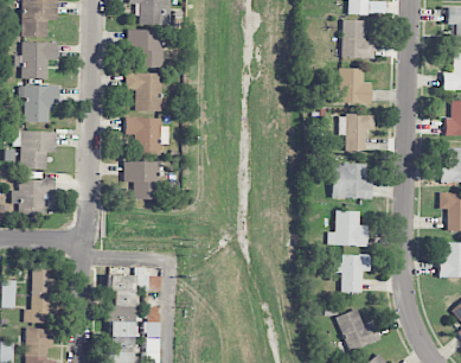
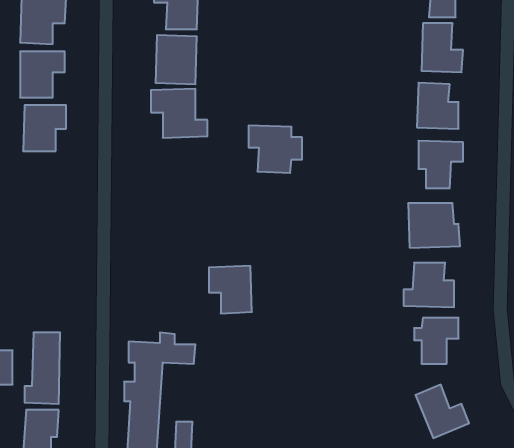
building: [126,117,168,155] -> [249,125,302,173]
building: [13,130,57,170] -> none
building: [123,161,158,199] -> [209,266,252,313]
building: [12,178,55,215] -> none

